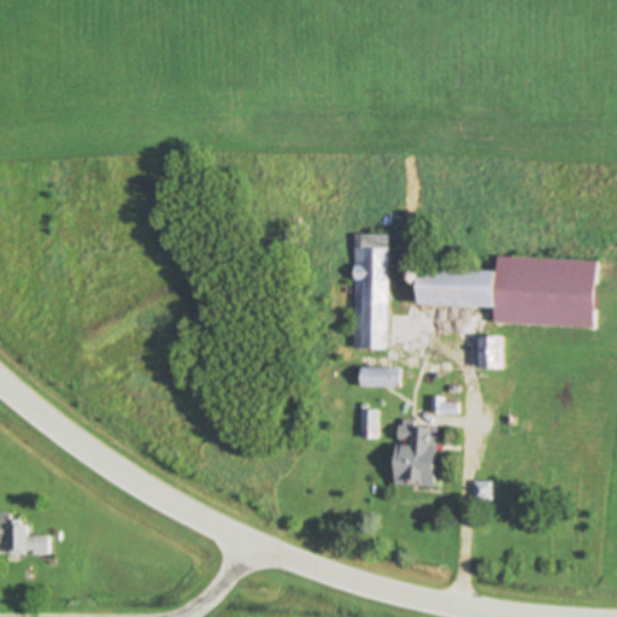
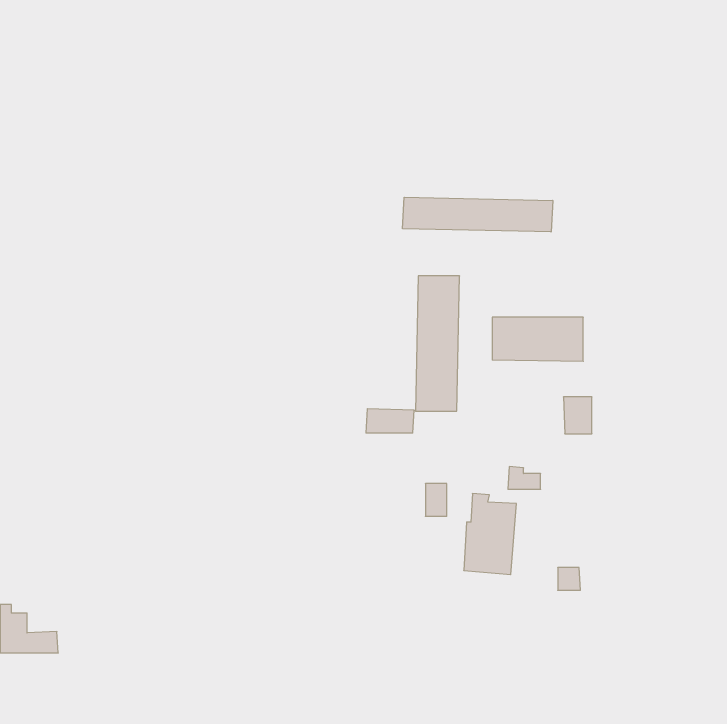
building: none -> [403,197,553,232]
building: [495,255,597,327] -> none
building: [359,366,400,387] -> [366,409,414,433]

